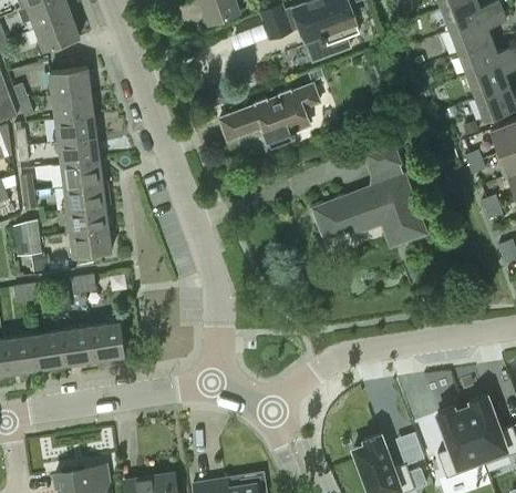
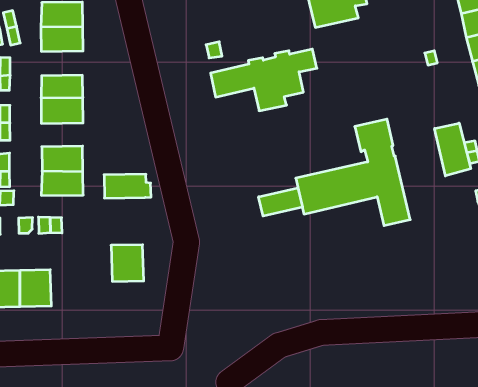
building: [54,114,96,143] -> none
building: none -> [435,123,471,176]
building: [63,183,111,210] -> [104,174,151,198]
building: none -> [259,188,302,216]
building: [90,322,125,361] -> [111,245,144,281]

